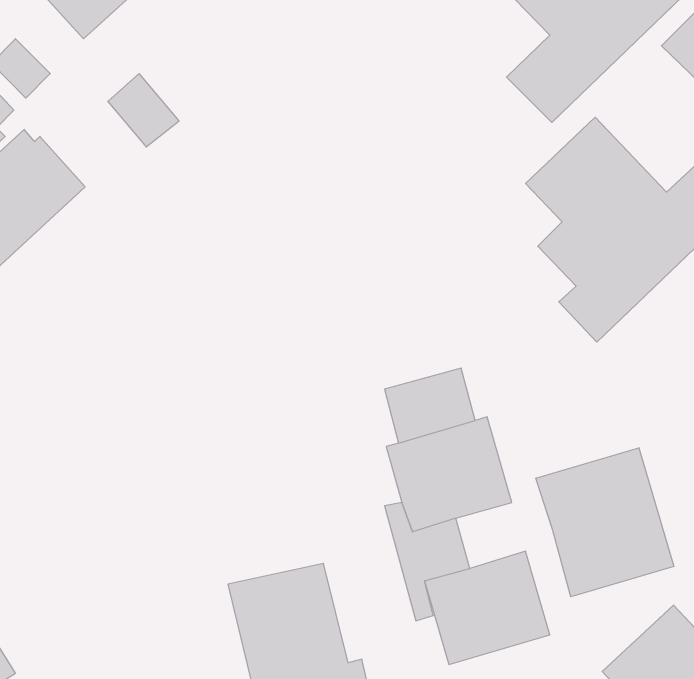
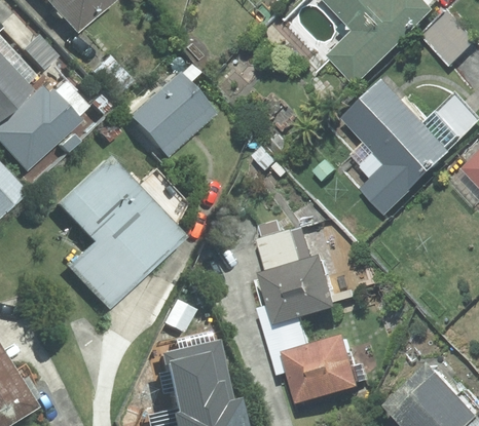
building: none -> [132,65,217,156]
building: none -> [60,155,187,307]
building: [536,448,674,597] -> none

